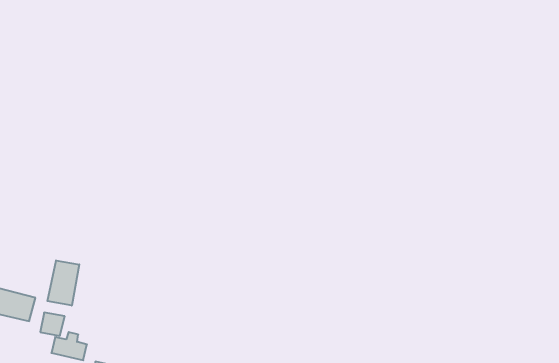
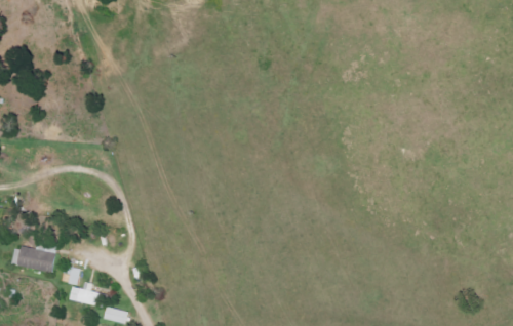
building: [47,260,79,306] -> none

